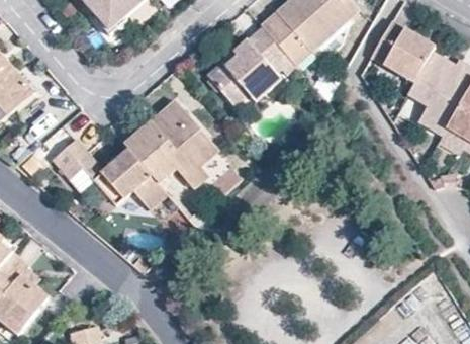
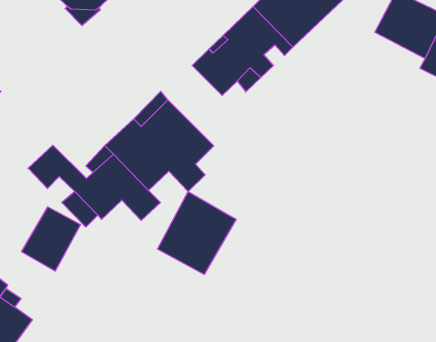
building: none -> [157,192,236,274]
building: none -> [22,207,80,271]

